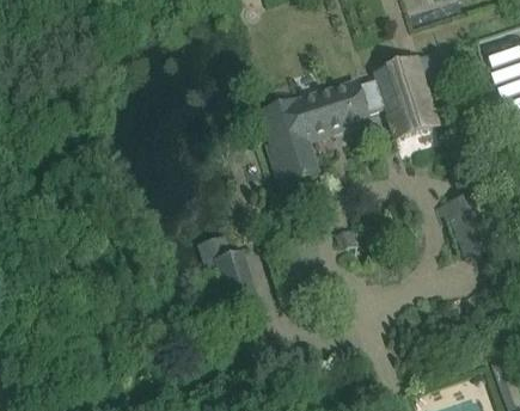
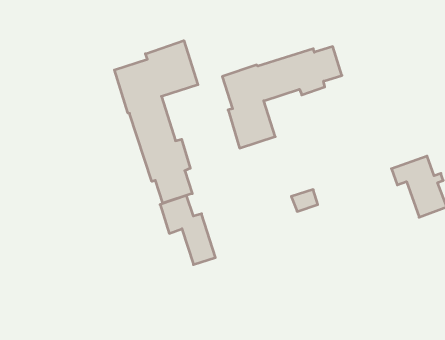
building: [375,55,441,137] -> none
building: none -> [114,41,198,203]

